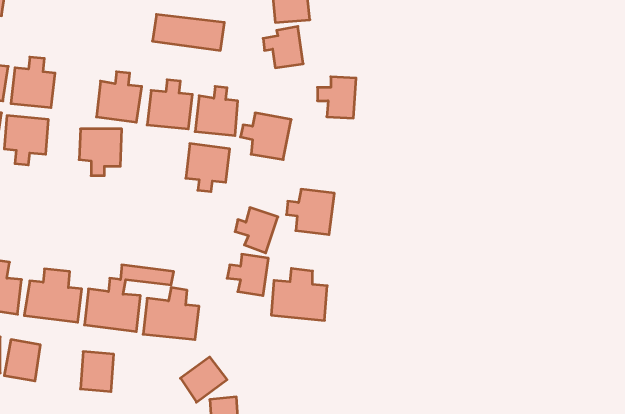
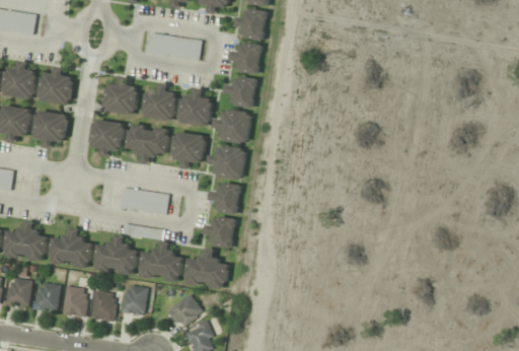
building: [317,77,356,118] -> [225,76,254,108]
building: none -> [126,123,169,163]
building: [286,189,334,235] -> [208,145,244,180]
building: none -> [119,188,167,215]
building: [271,268,327,320] -> [184,249,227,288]
building: none -> [122,285,147,314]
building: none -> [63,286,87,317]

